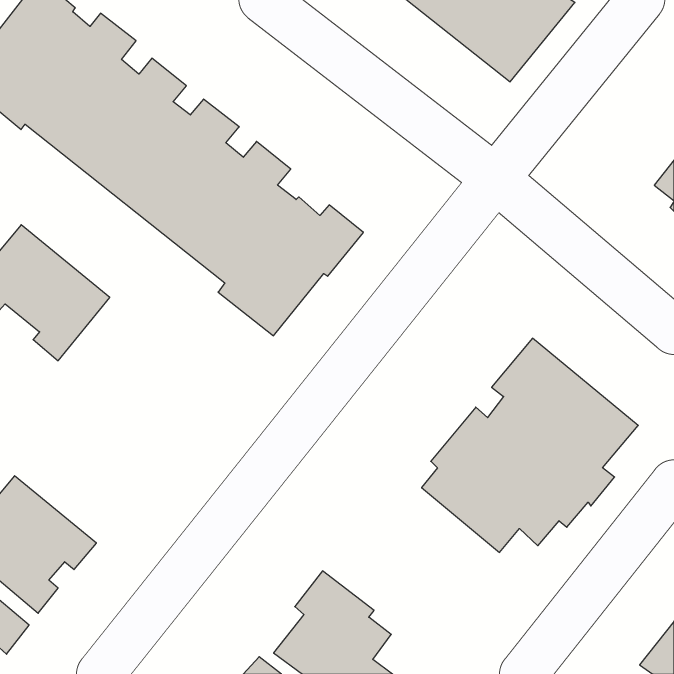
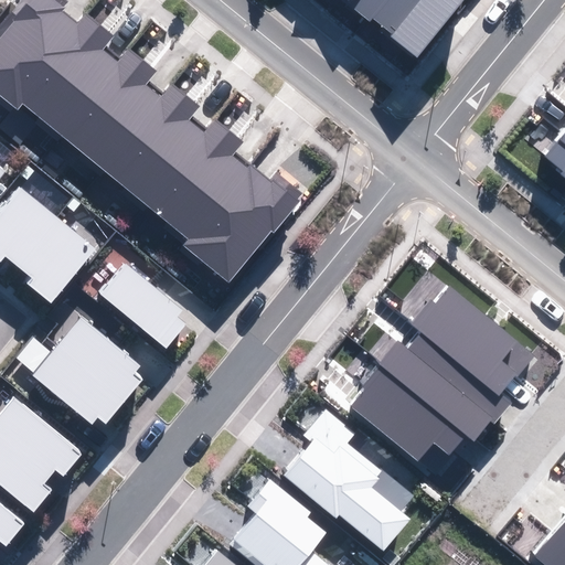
building: none -> [99,263,185,348]
building: none -> [14,316,139,424]
building: none -> [282,406,413,550]

